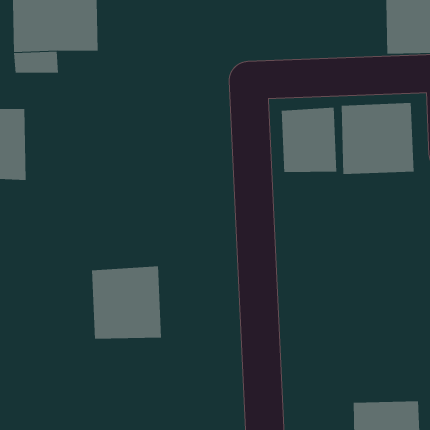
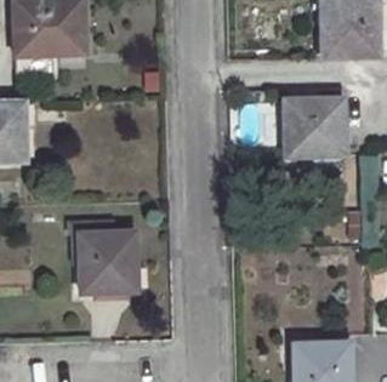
building: [281,107,337,173] -> none

